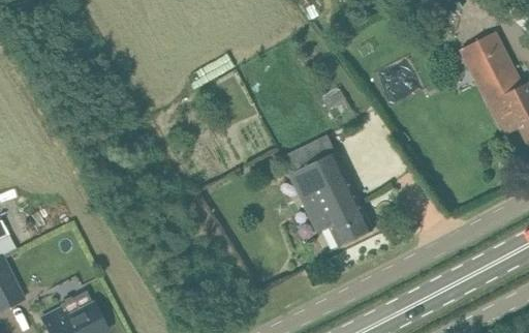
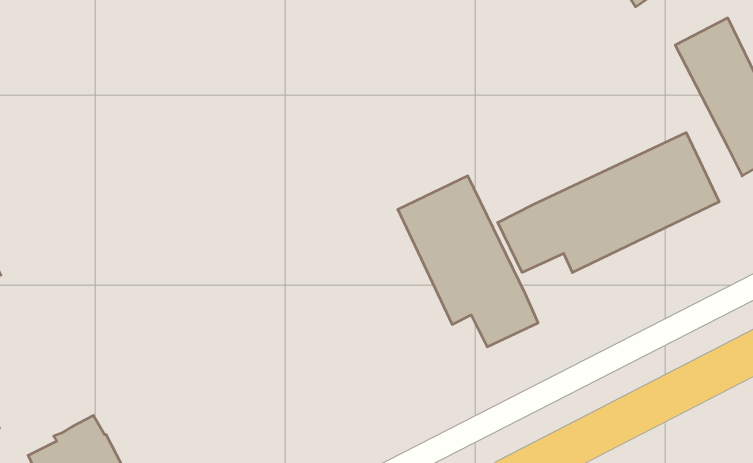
building: none -> [498,133,719,273]

